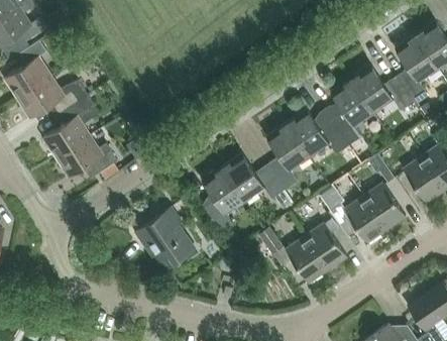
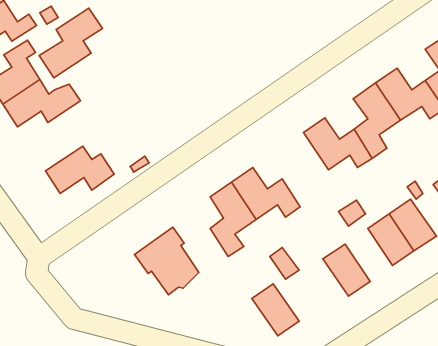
building: [42,95,99,157] -> [39,8,102,78]
building: [266,123,309,190] -> none
building: [285,236,327,282] -> [252,284,299,336]

